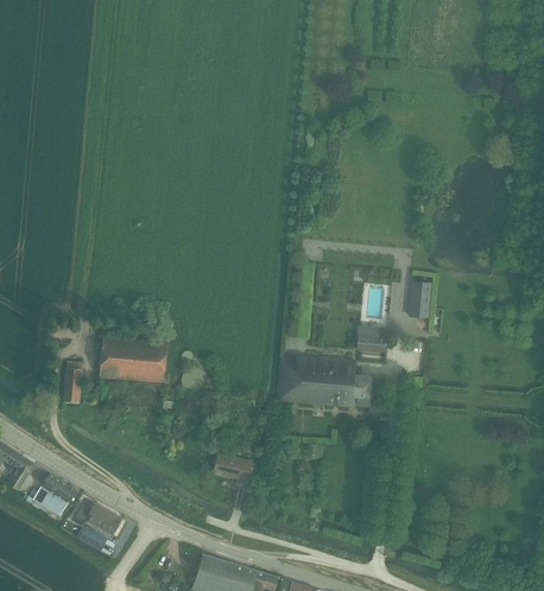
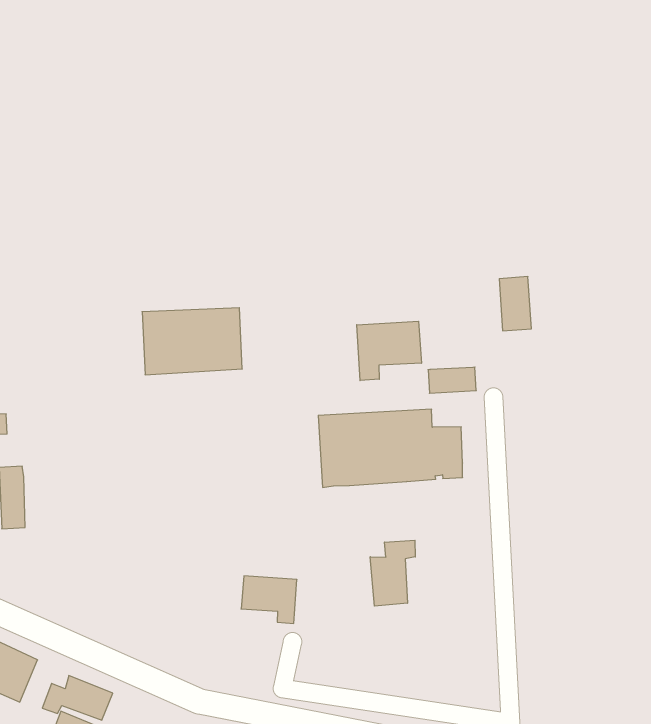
building: none -> [357,321,421,381]
building: [99,335,166,381] -> [142,308,242,375]
building: none -> [370,540,415,606]

